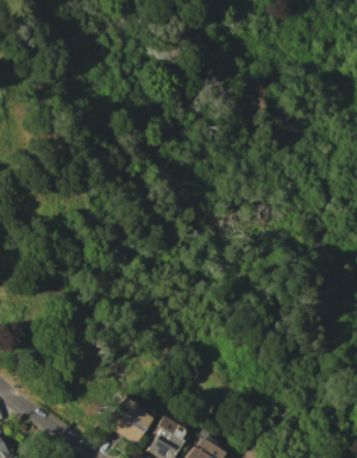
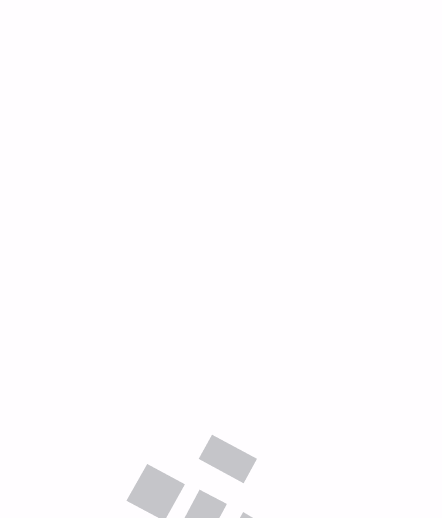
building: none -> [198,434,258,484]

